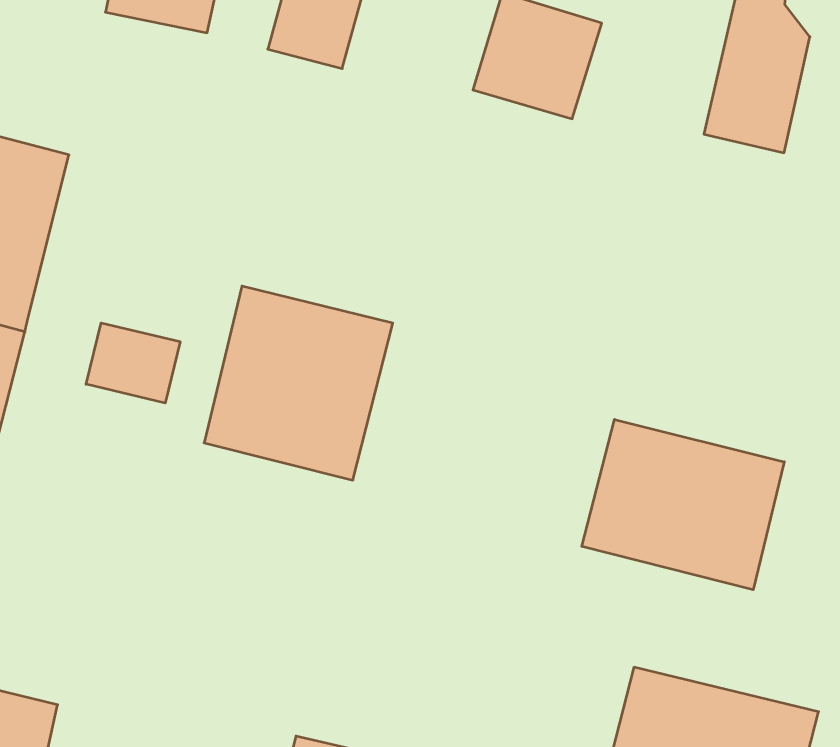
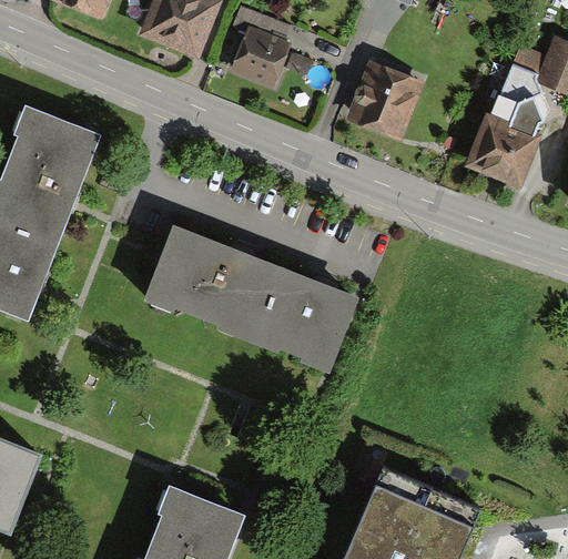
building: [86,323,180,403] -> none
building: none -> [235,248,357,372]
building: [582,419,784,590] -> none

